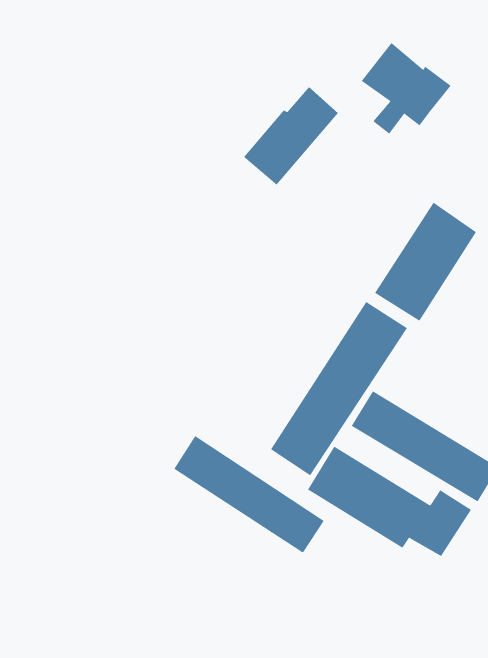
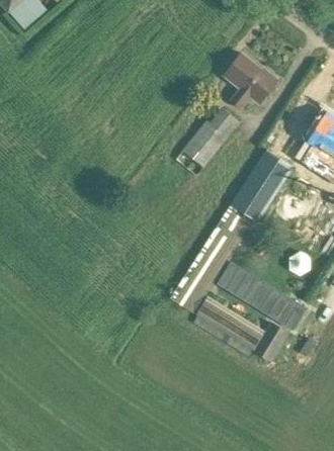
building: [243,86,339,185] -> [182,107,240,167]
building: [174,435,324,553] -> none

